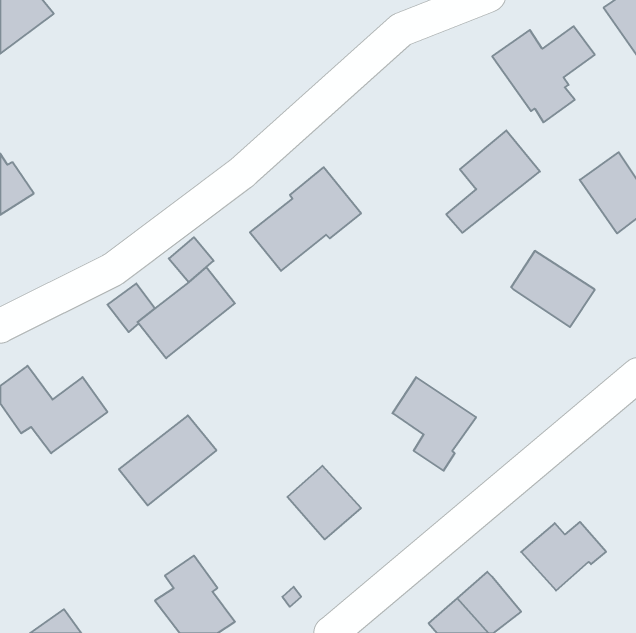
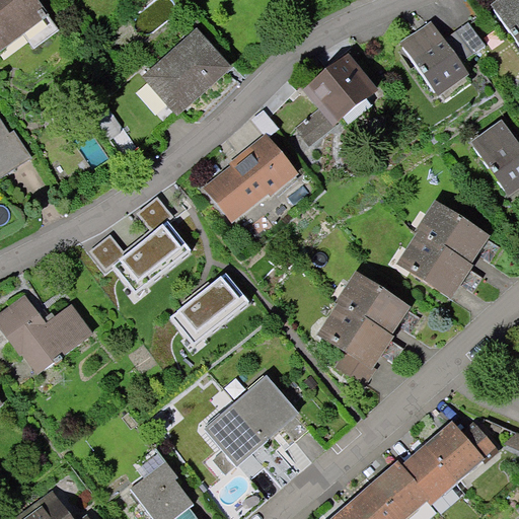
building: none -> [146,33,230,113]
building: [446,130,540,233] -> [296,59,372,142]
building: none -> [399,235,467,297]
building: none -> [338,275,405,337]
building: [119,415,216,505] -> [172,269,251,342]
building: none -> [206,403,266,474]
building: none -> [401,448,453,501]

